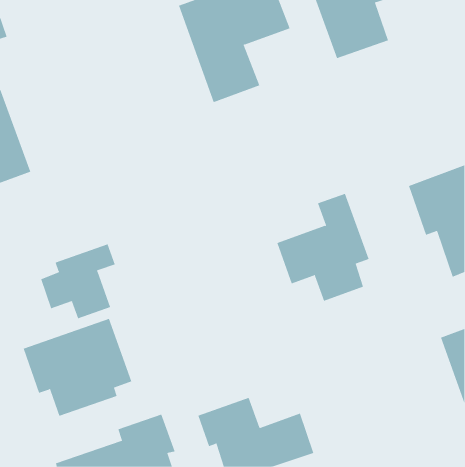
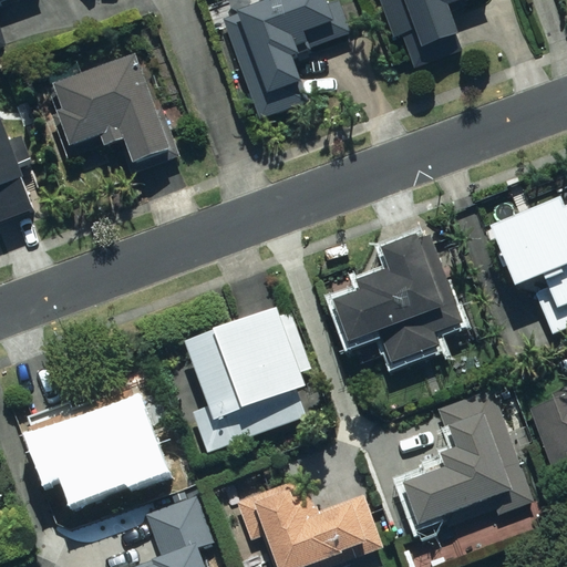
building: none -> [43,53,172,163]
building: [40,243,116,319] -> none
building: none -> [187,306,312,450]
building: none -> [402,392,533,533]

